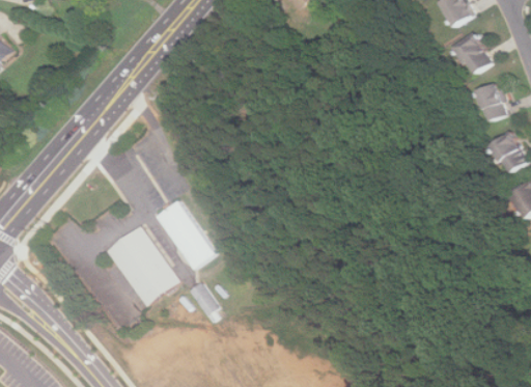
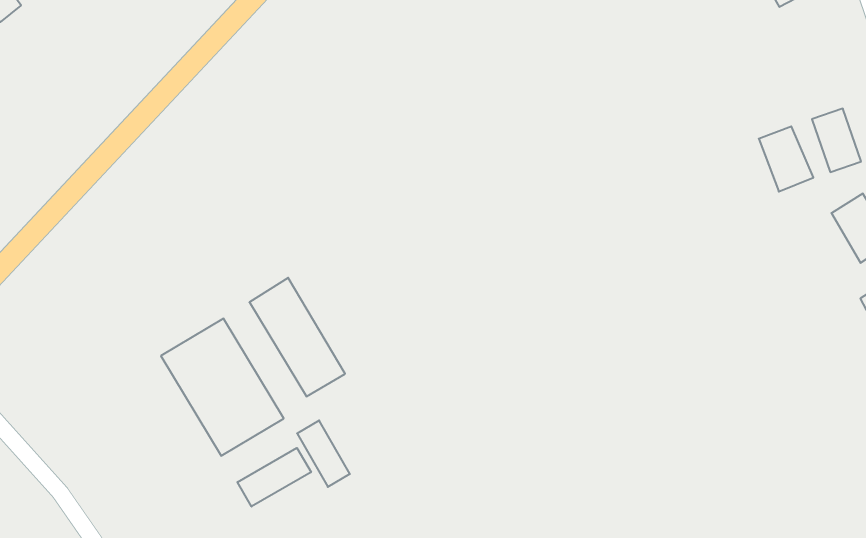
building: [457,34,491,73] -> [759,126,813,192]
building: none -> [237,448,311,507]

